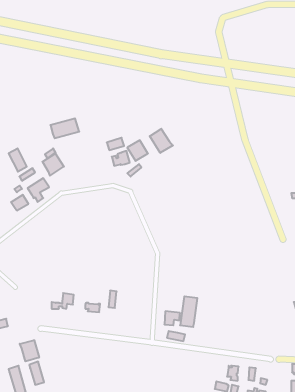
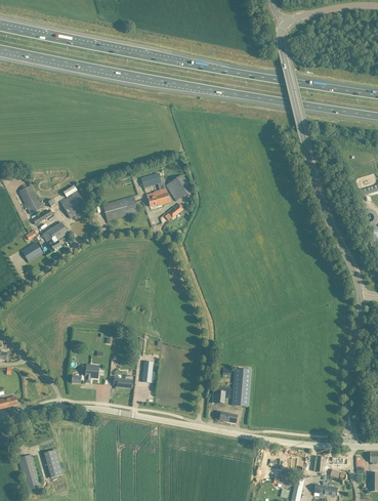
building: [50,118,79,138] -> [102,196,138,220]
building: [150,129,173,153] -> none
building: [20,340,39,361] -> none

